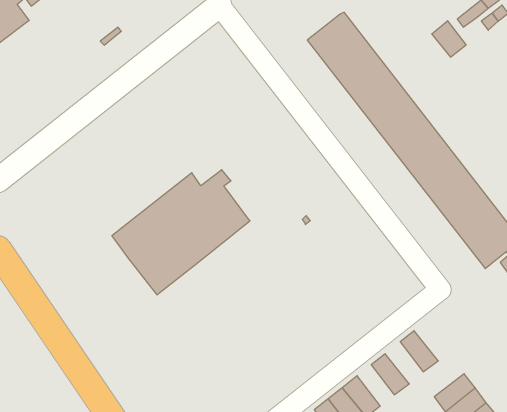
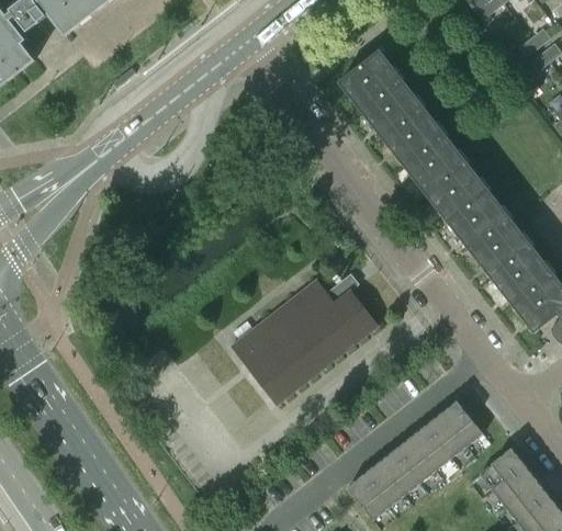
building: [432,21,466,57] -> none
building: [112,170,250,295] -> [229,276,381,414]
building: none -> [425,411,467,457]
building: none -> [394,437,435,482]

